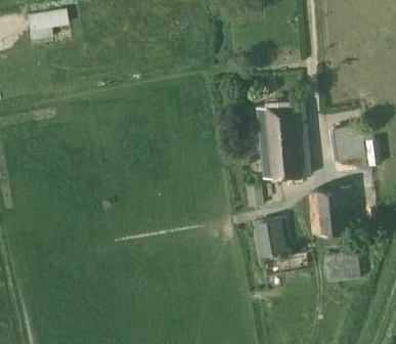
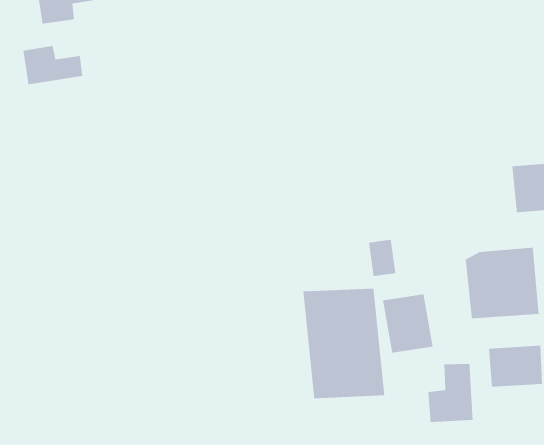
building: none -> [23,45,83,85]
building: [256,105,310,178] -> [303,288,385,399]
building: none -> [428,363,473,423]

